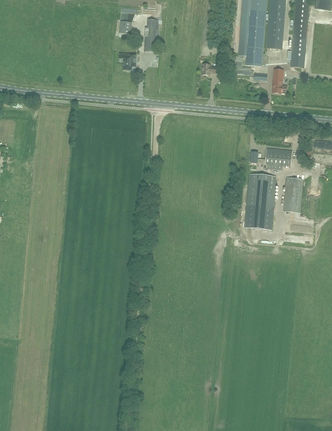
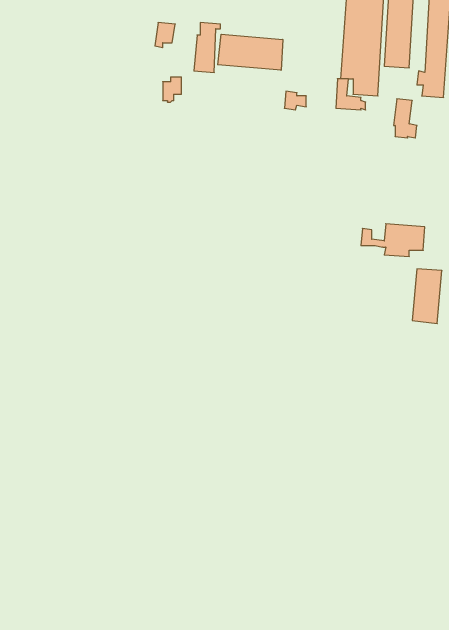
building: none -> [218,34,283,70]
building: [245,173,276,228] -> none

